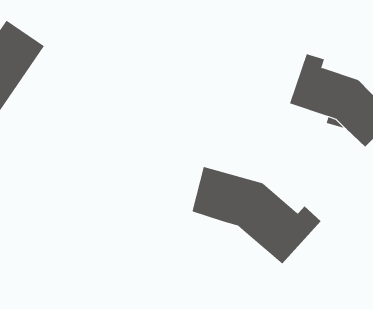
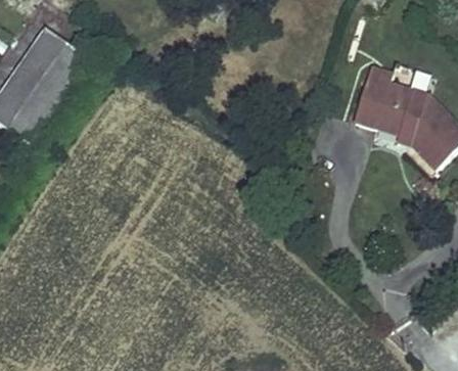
building: [192,166,322,264] -> none

